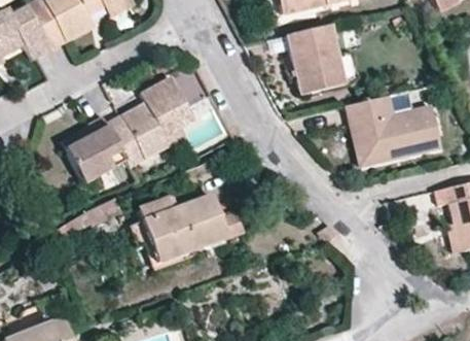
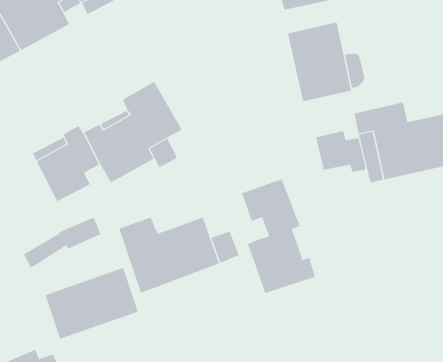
building: none -> [315,130,366,173]
building: none -> [241,179,315,294]
building: none -> [45,267,138,340]

